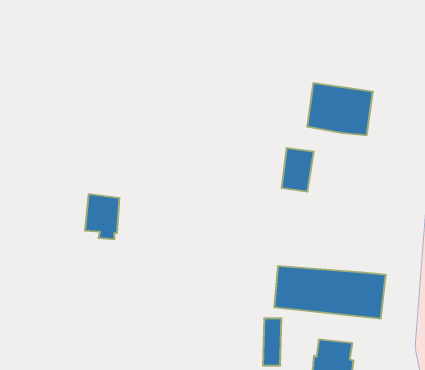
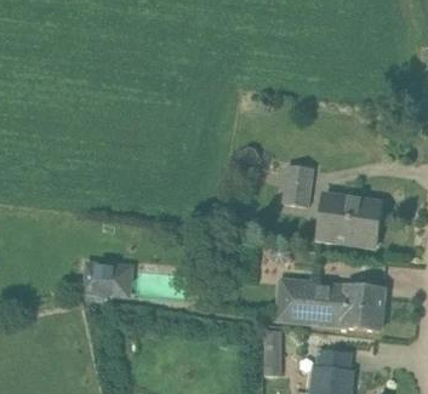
building: [307,83,373,135] -> [318,194,382,245]
building: [85,194,120,239] -> [82,259,116,303]

